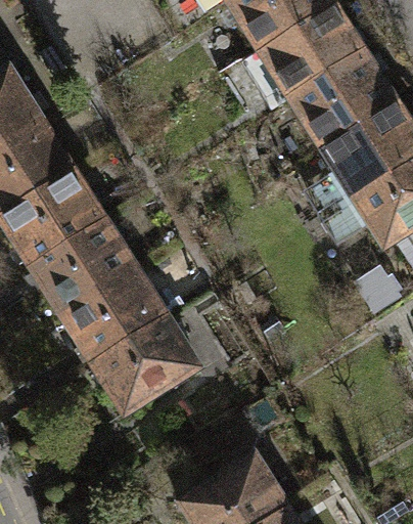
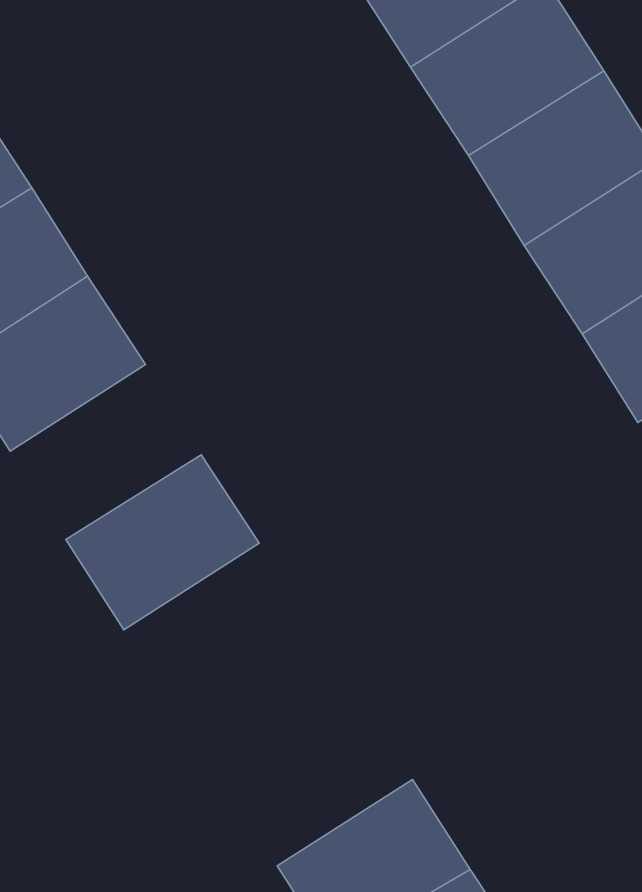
building: [28,215,136,314] -> none
building: [92,316,200,416] -> none

